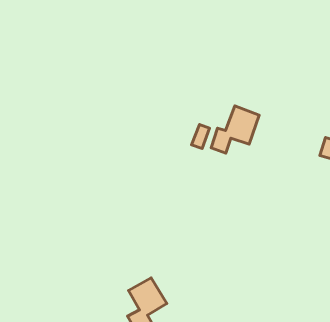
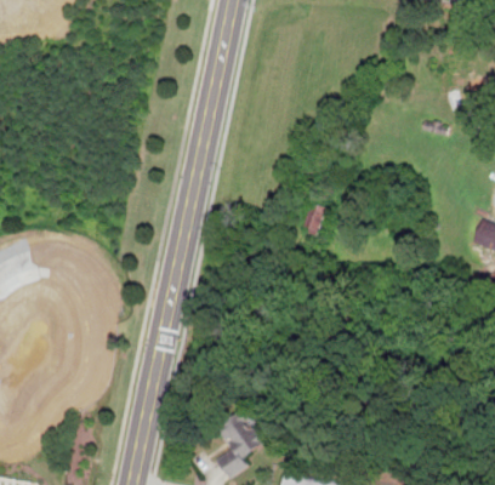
building: [211,106,259,153] -> none

